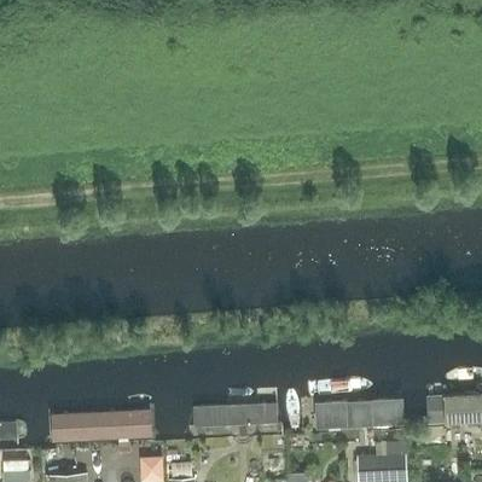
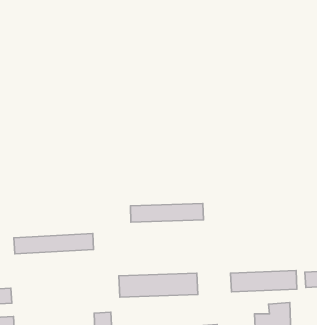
building: none -> [131,203,203,222]
building: [54,412,163,440] -> [14,233,94,254]

